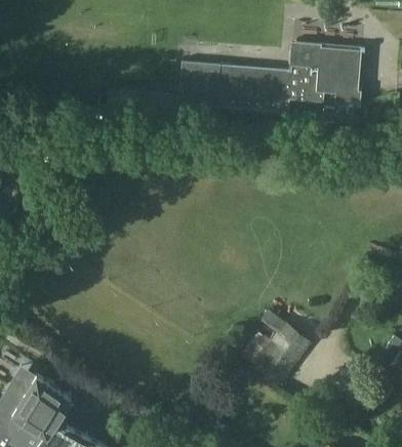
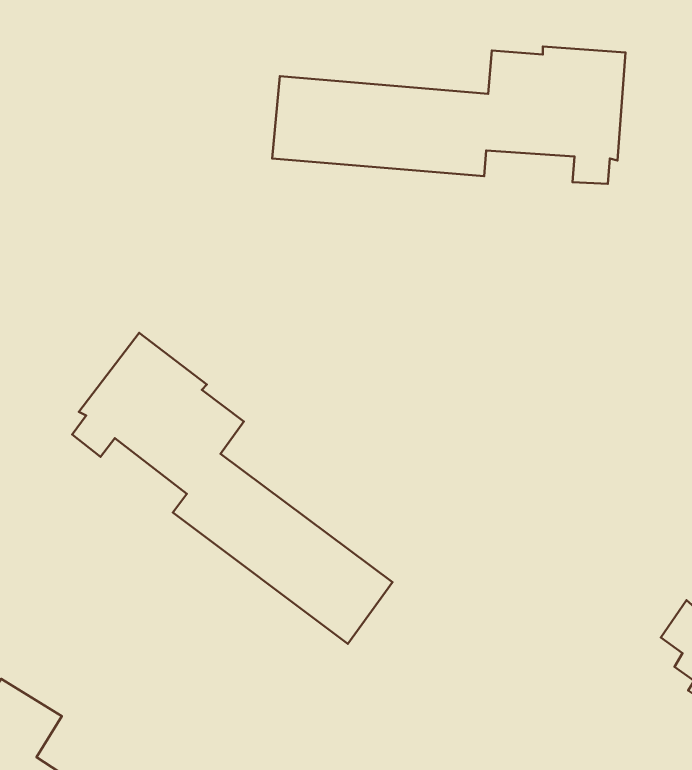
building: none -> [72,333,392,644]
building: [238,316,311,389] -> none

